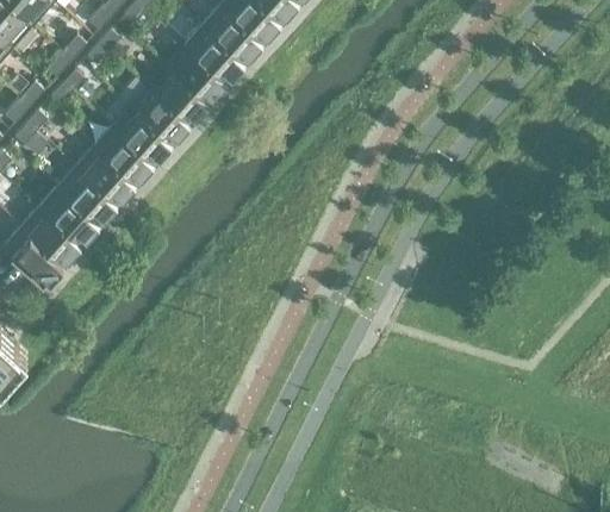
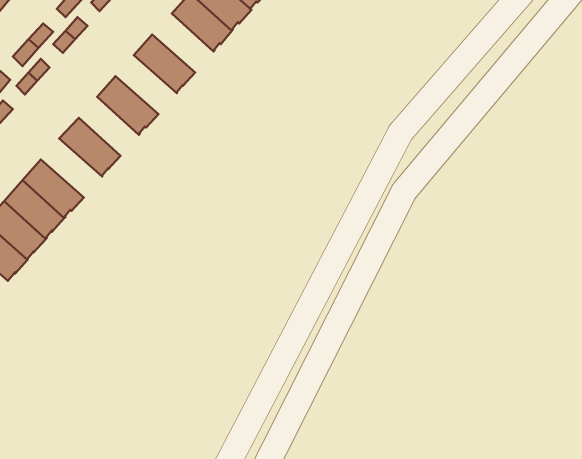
building: [183,29,243,86] -> none
building: [148,69,207,126] -> none
building: [112,110,170,167] -> none
building: [75,150,135,207] -> none

